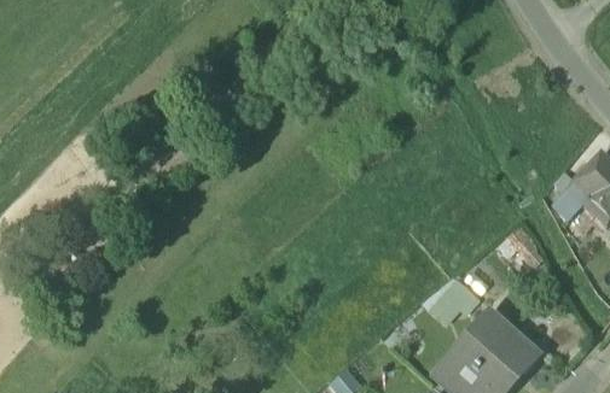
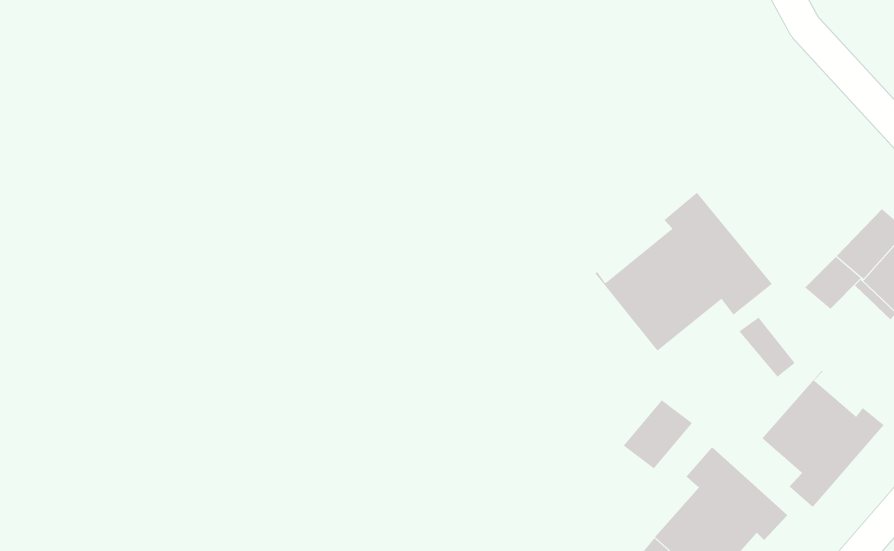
building: none -> [595,192,772,351]
building: none -> [761,370,884,507]

